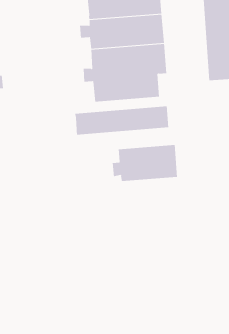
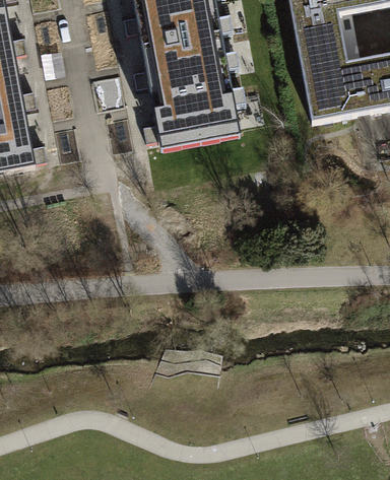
building: [75,106,169,135] -> none
building: [112,144,178,182] -> none

